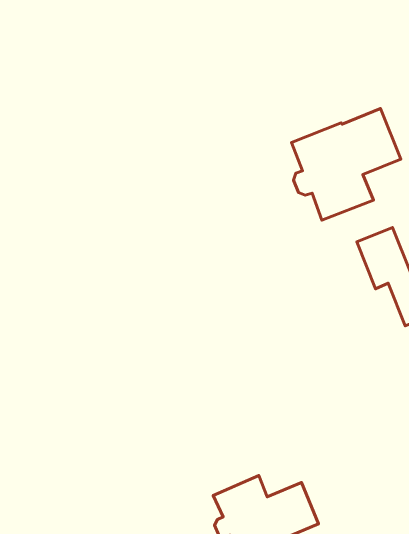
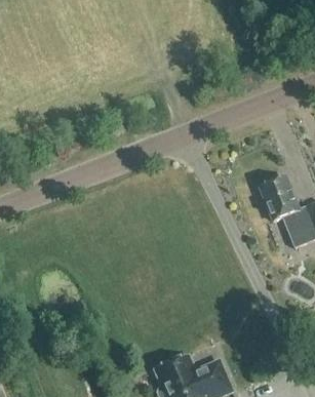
building: [292,109,401,220] -> none

